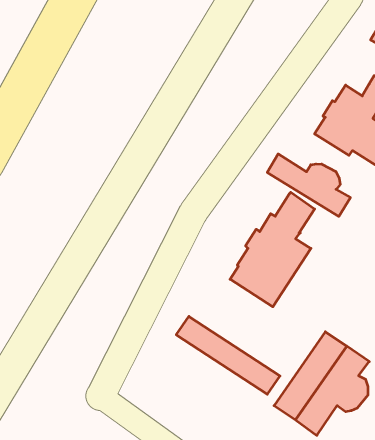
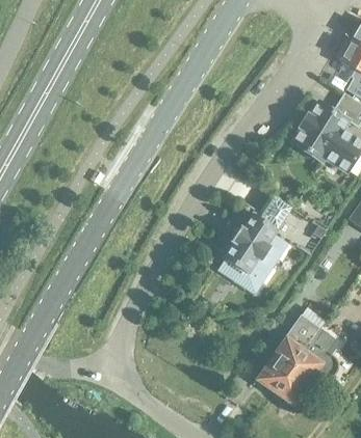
building: [267,154,350,216] -> none
building: [176,316,280,394] -> none

